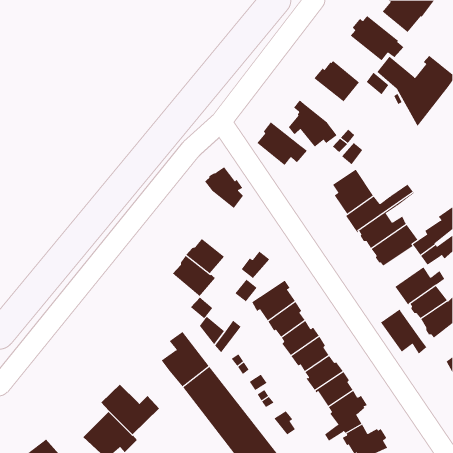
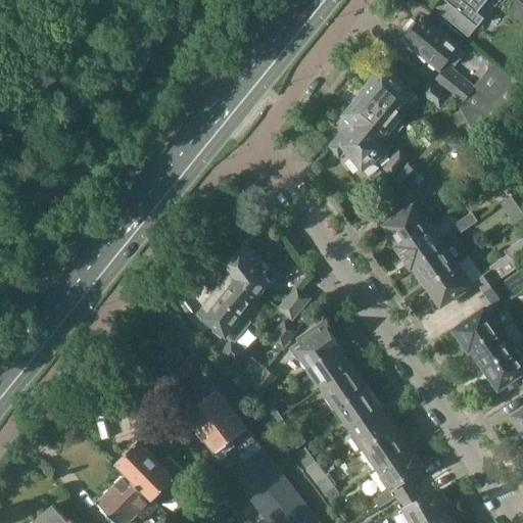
building: [256,122,308,166] -> [344,91,403,142]
building: [204,166,244,209] -> [224,247,270,296]
building: [380,308,427,354] -> none

